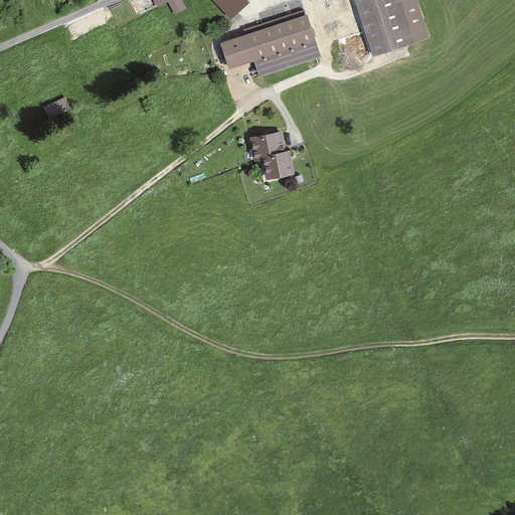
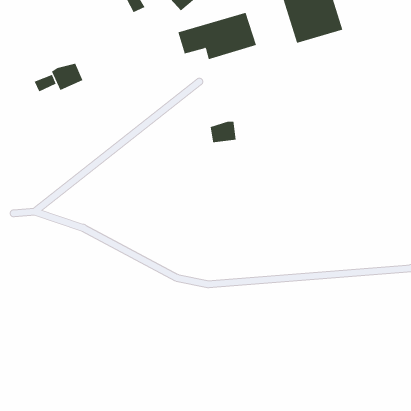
building: none -> [51,63,83,91]
building: [248,131,284,159] -> none

